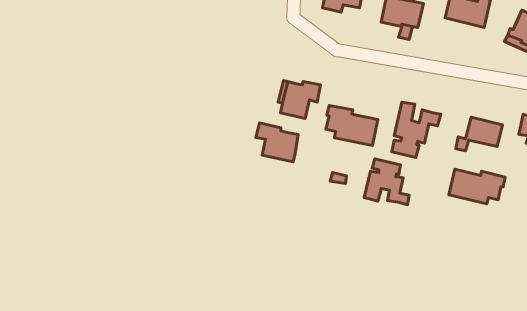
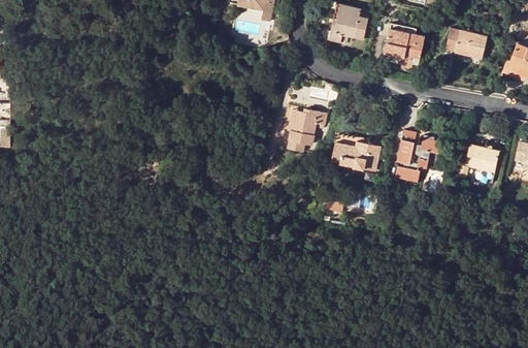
building: [256,123,298,162] -> none
building: [364,159,409,205] -> none
building: [449,169,505,204] -> none

